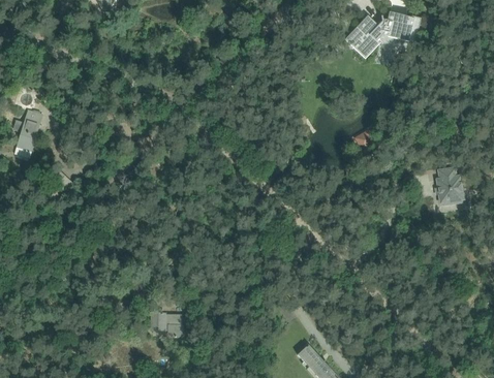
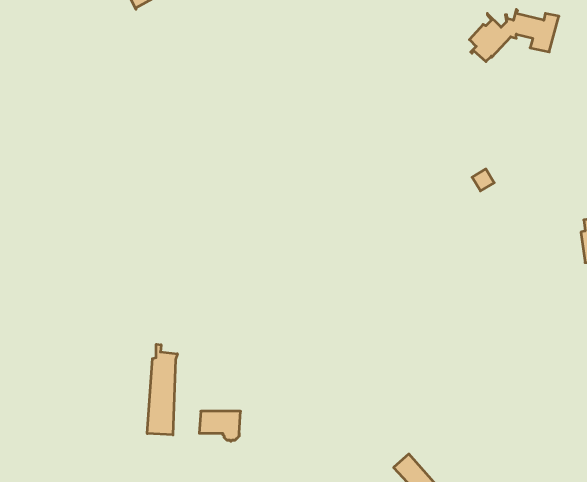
building: [12,111,41,159] -> none
building: none -> [147,344,177,435]

